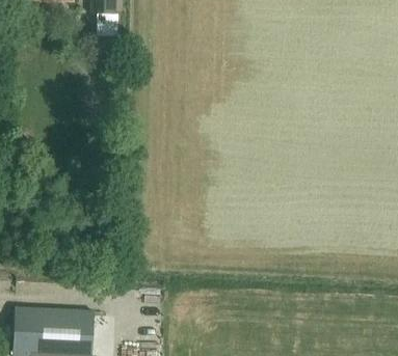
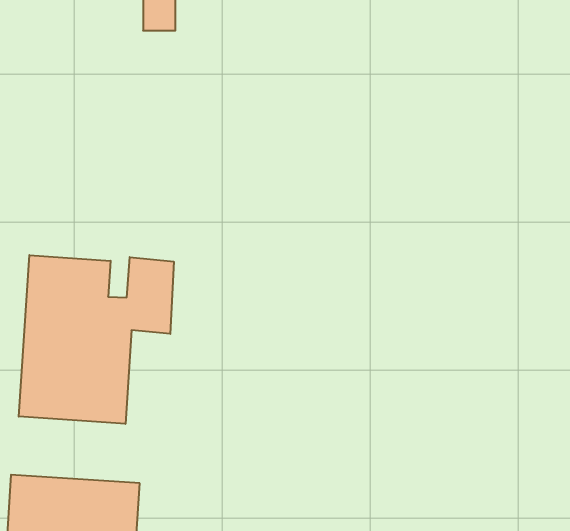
building: none -> [19,255,174,424]

